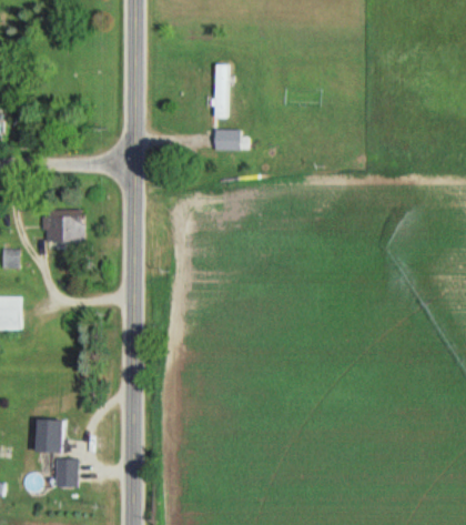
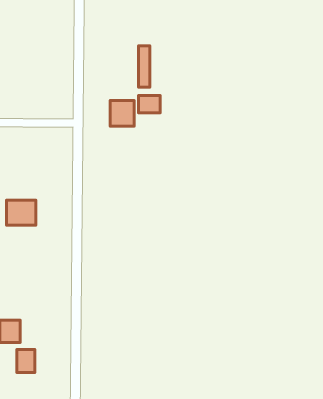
building: none -> [110,101,134,126]
building: [47,209,84,241] -> [7,200,36,225]

